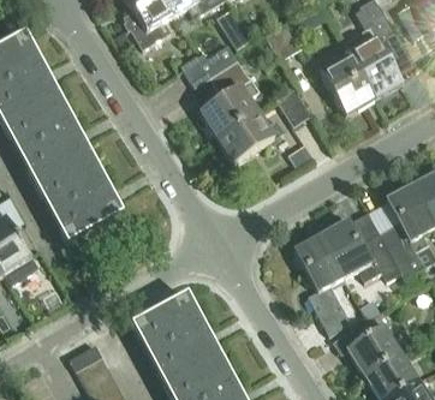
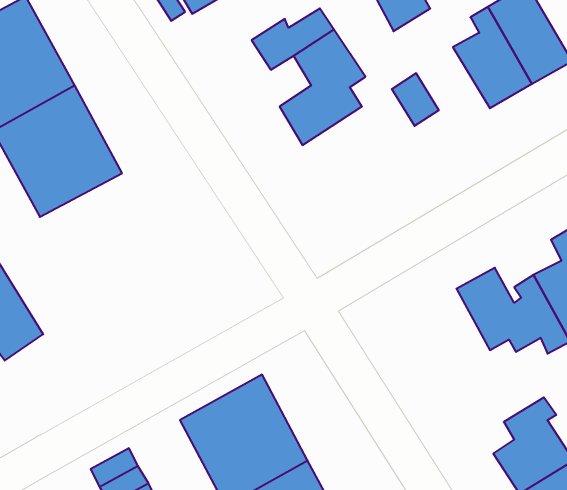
building: [216,108,285,161] -> none
building: [36,154,124,243] -> none
building: [296,233,351,332] -> none

